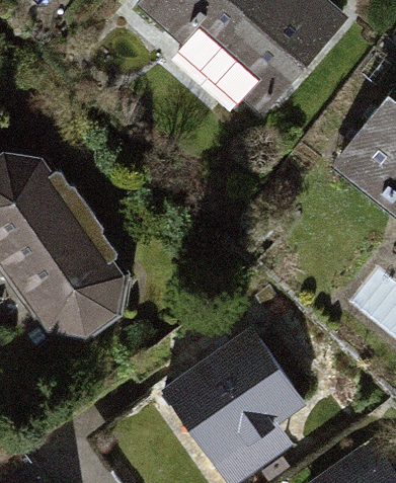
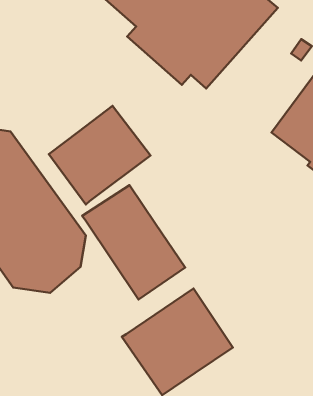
building: none -> [49,106,150,204]
building: none -> [82,185,185,300]

